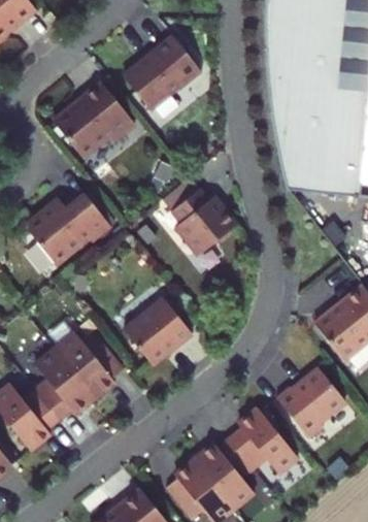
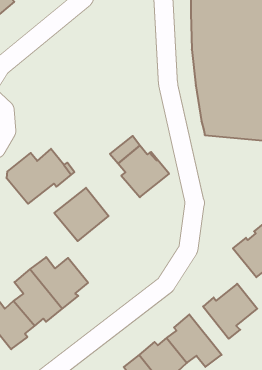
building: [125,35,203,109] -> none
building: [53,80,135,157] -> none
building: [128,295,197,363] -> [54,188,109,241]

